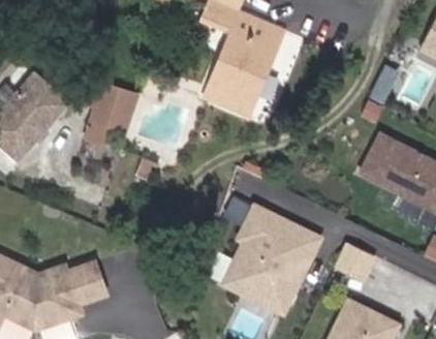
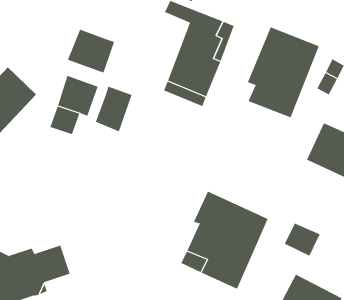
building: none -> [247,26,320,118]
building: none -> [67,29,115,73]
building: none -> [95,86,132,132]

